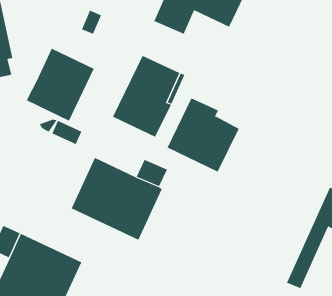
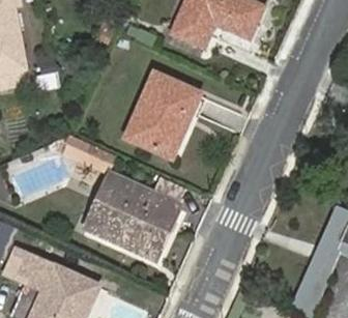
building: [26,48,94,122] -> none
building: [167,97,240,172] -> none

